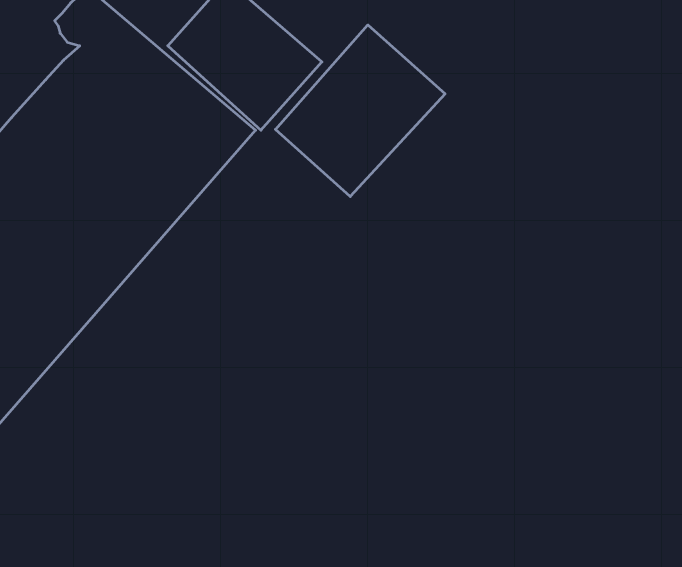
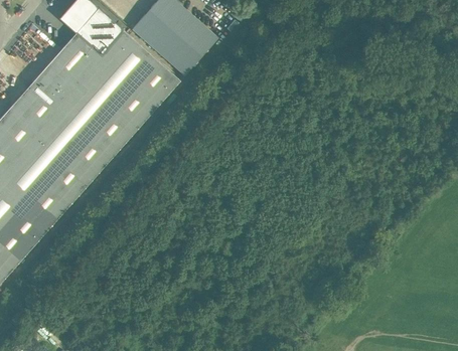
building: [275,25,445,197] -> none

